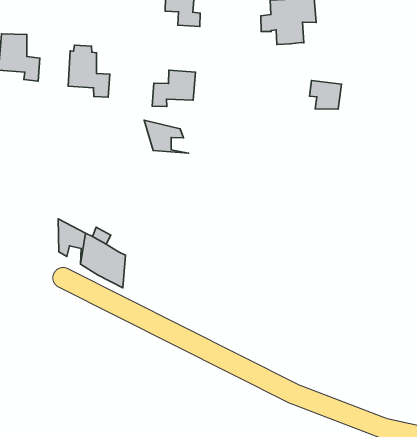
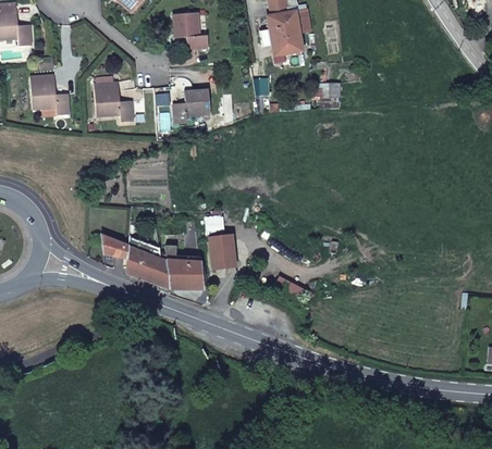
building: [144,120,189,153] -> none
building: none -> [209,236,235,269]
building: none -> [159,253,204,289]

